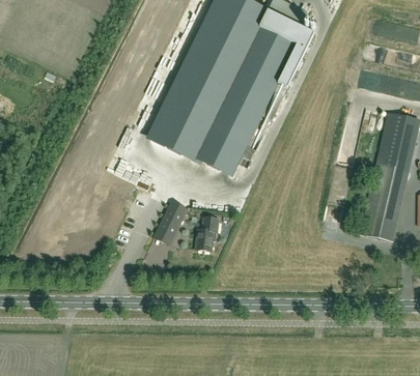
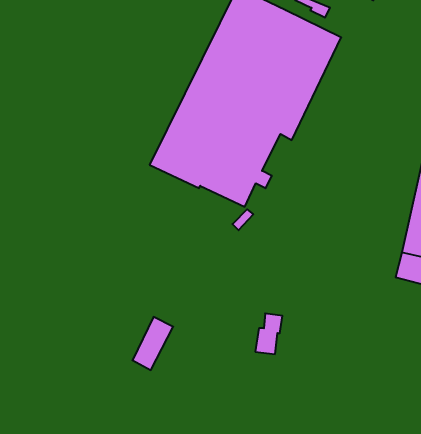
building: [152,200,187,244] -> [132,317,173,370]
building: [194,215,217,250] -> [255,313,282,354]

